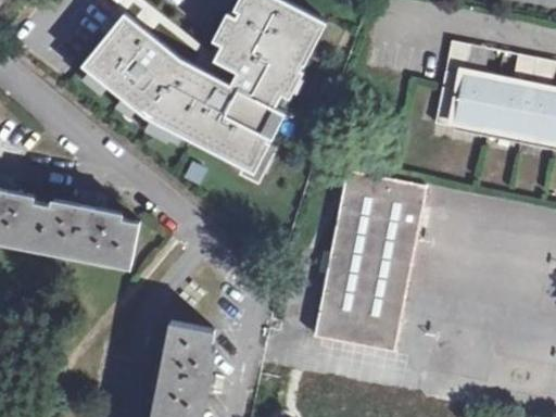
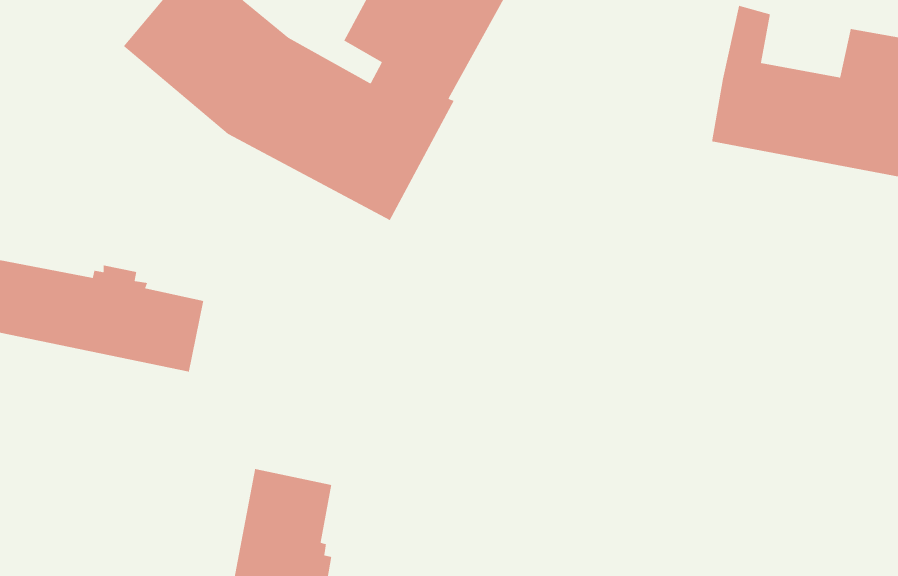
building: [318,170,427,346] -> none

